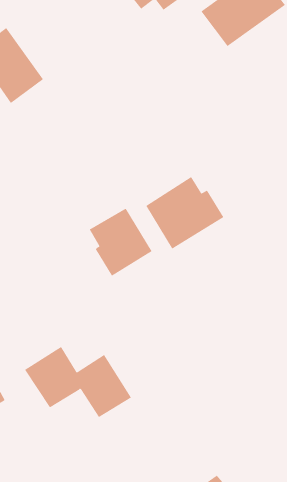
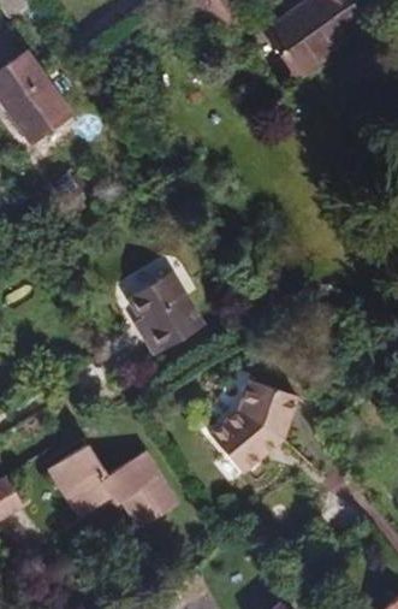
building: [145,176,224,249] -> none
building: none -> [210,379,297,473]

